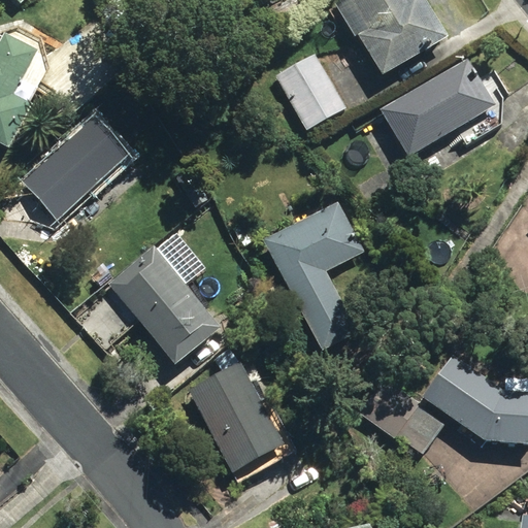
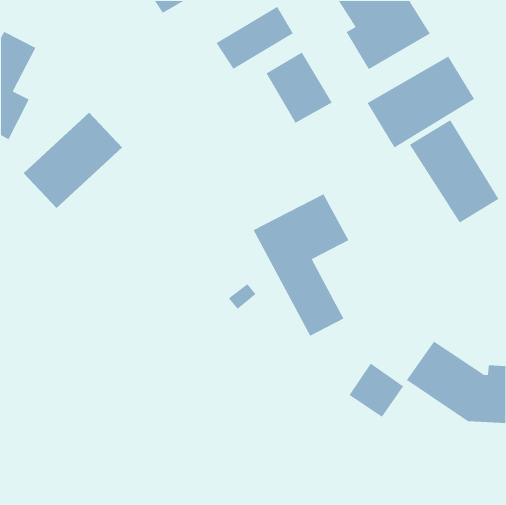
building: none -> [215,6,294,70]
building: none -> [409,119,499,224]
building: [107,244,222,365] -> none
building: [188,361,285,472] -> none

